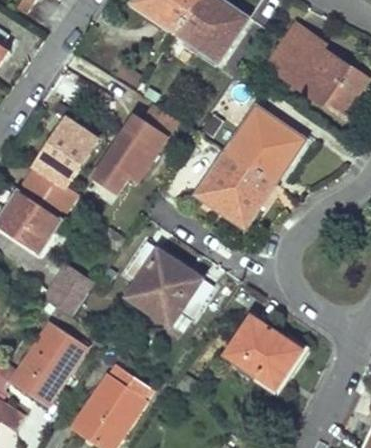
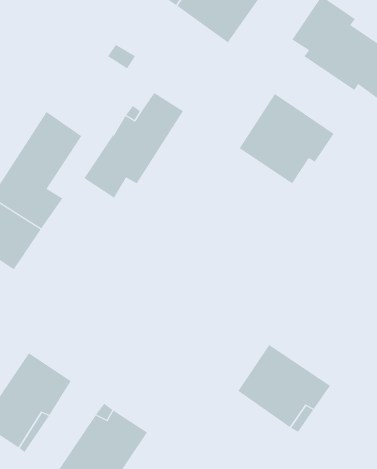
building: [196,151,271,229] -> none
building: [126,243,212,325] -> none
building: [44,263,95,316] -> none

